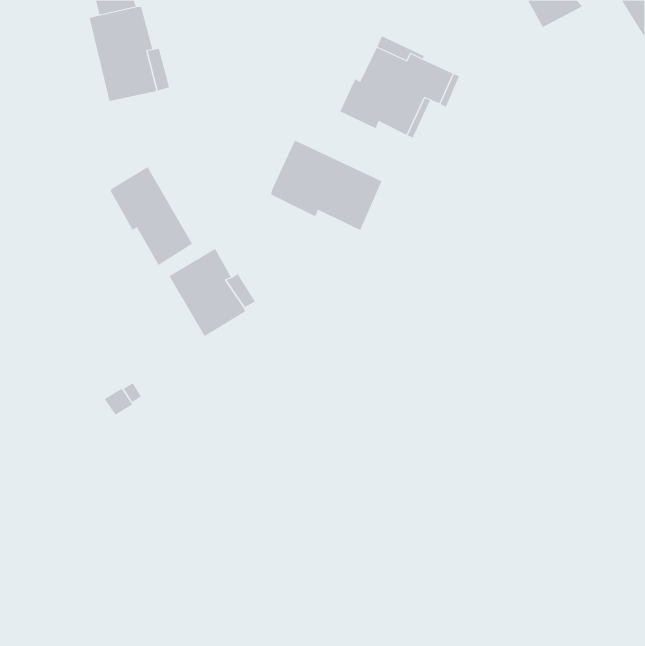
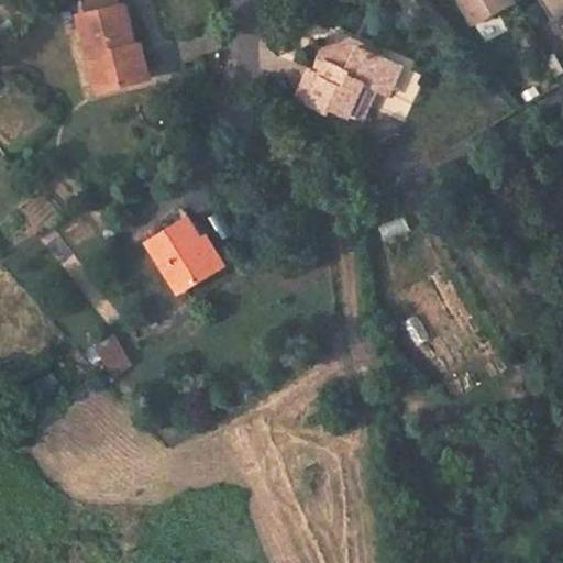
building: [271,140,382,231] -> none
building: [110,167,193,266] -> none

